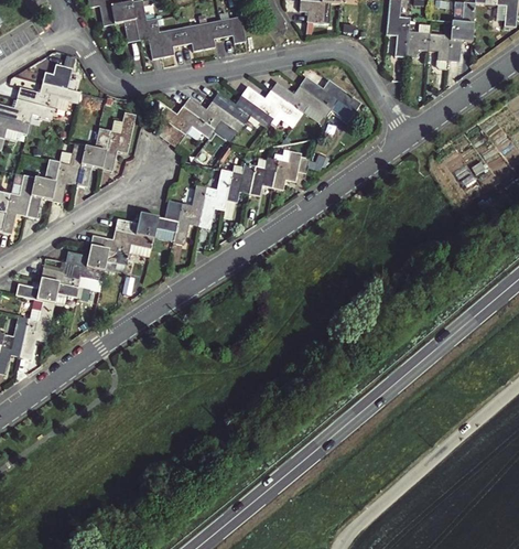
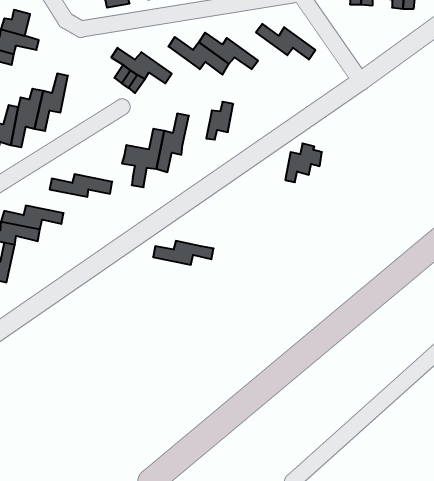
building: [271,83,333,119] -> none
building: [184,96,244,133] -> none
building: [101,112,134,171] -> none
building: [272,150,310,190] -> [285,143,322,182]
building: [226,163,256,203] -> none
building: [116,214,177,238] -> [153,241,214,265]
building: [66,246,129,270] -> none

